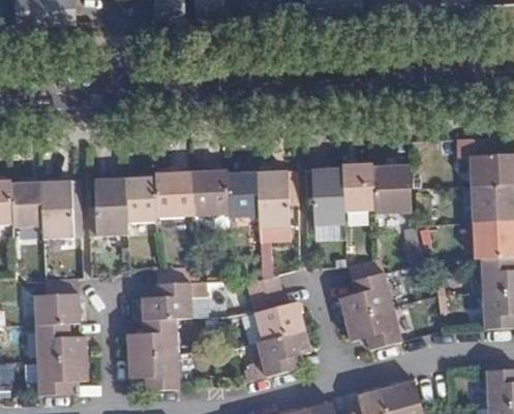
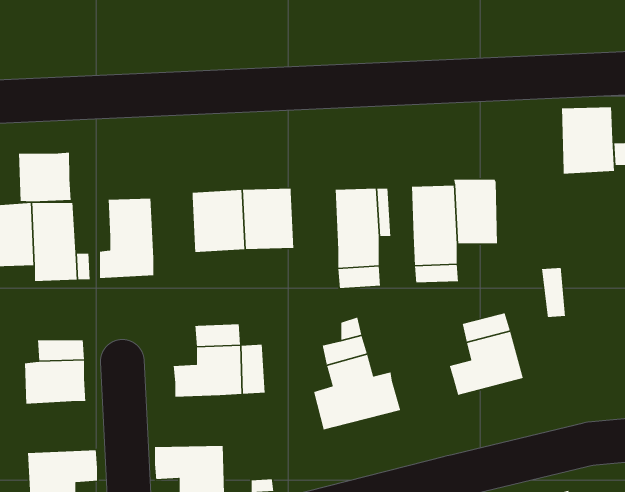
building: none -> [18,152,72,202]
building: [371,162,410,211] -> [561,106,615,174]
building: [224,168,258,214] -> none
building: [124,173,155,218] -> none
building: [343,304,400,347] -> none
building: [125,316,176,352] -> none
building: [34,320,85,356] -> none
building: [254,326,309,374] -> none

